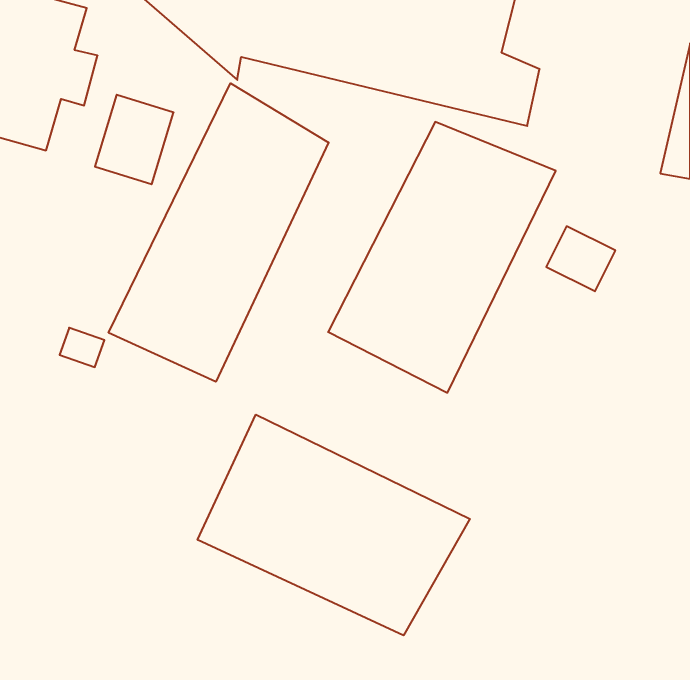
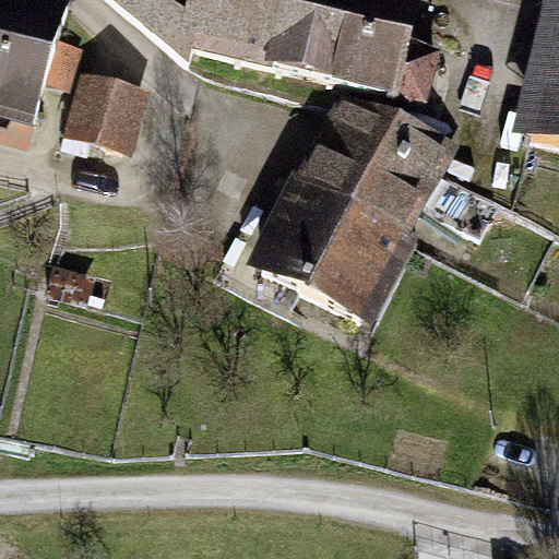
building: [109,83,329,382] -> none
building: [198,415,470,635] -> none

